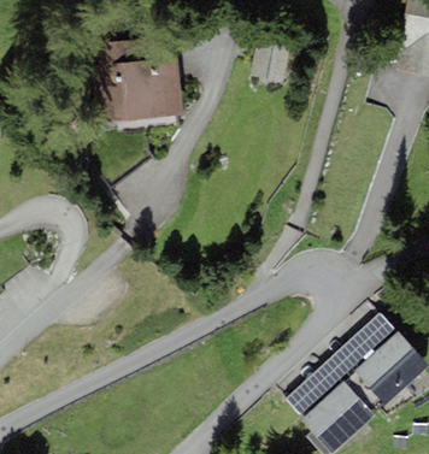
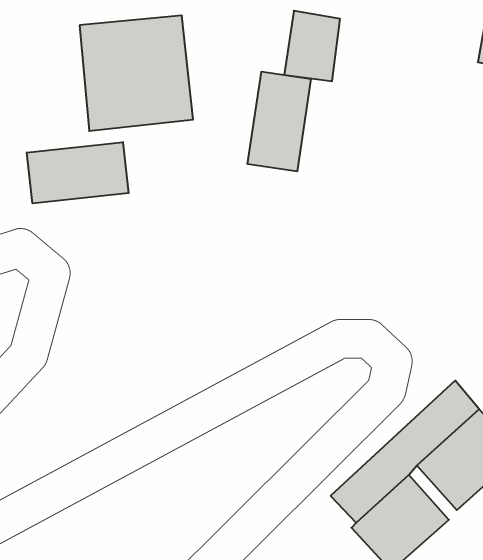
building: none -> [248,72,311,171]
building: none -> [27,142,129,203]

